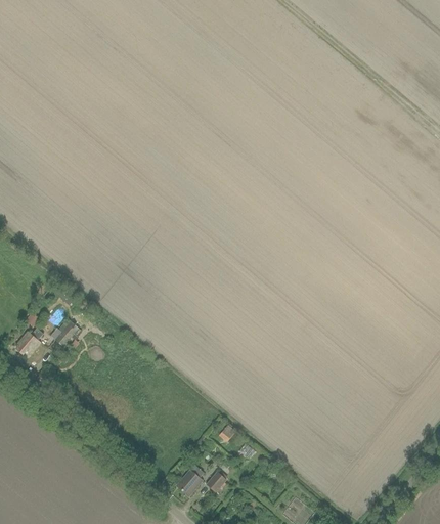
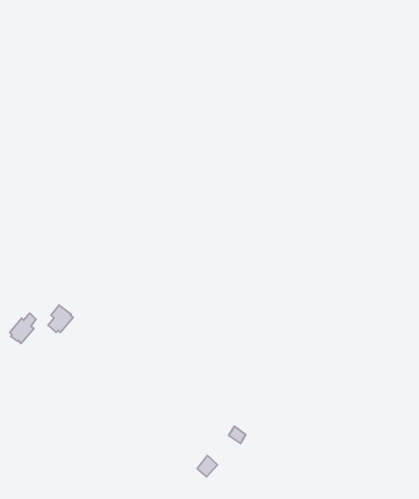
building: [177,467,202,495] -> none

